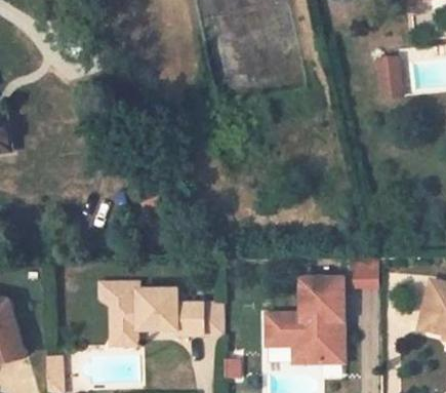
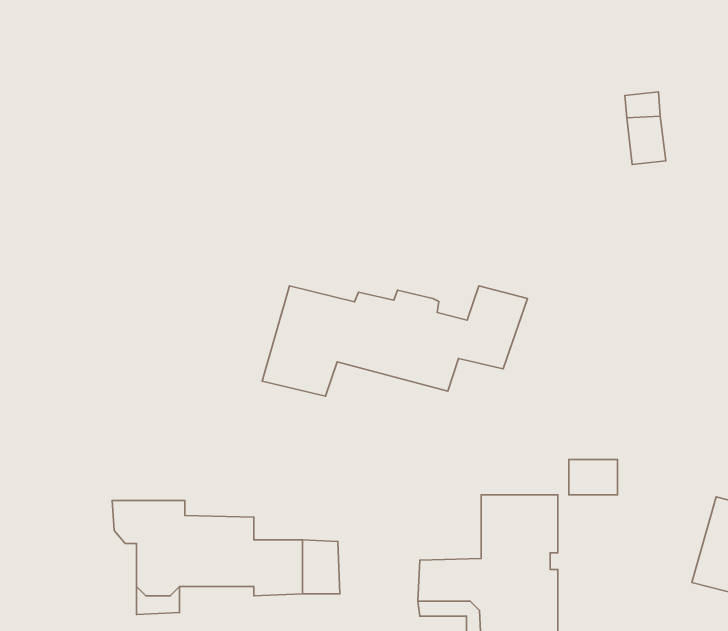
building: none -> [262,286,528,396]

